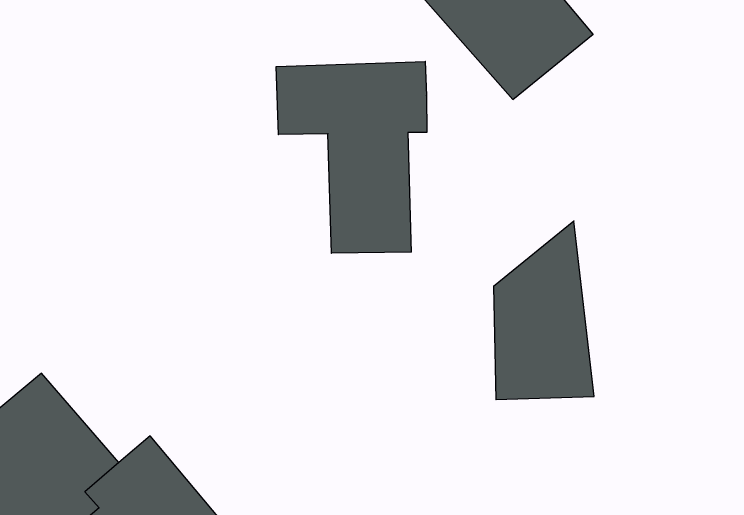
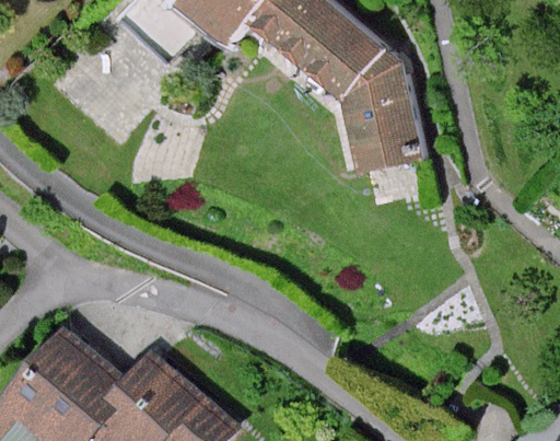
building: [276,61,427,253] -> none
building: [494,221,594,400] -> [345,44,422,169]

